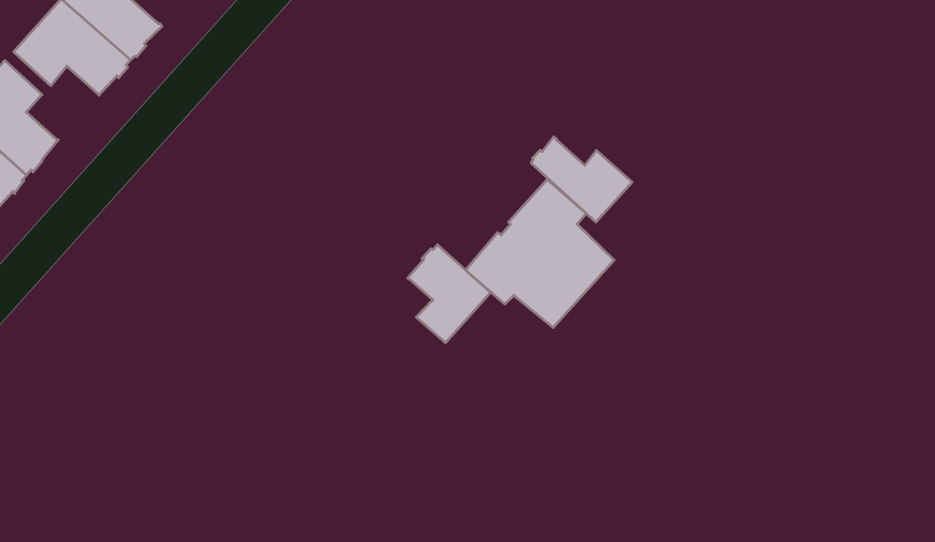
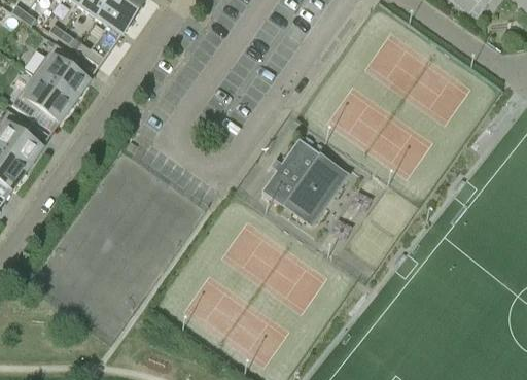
building: [531,137,632,222] -> none
building: [408,245,490,343] -> none

